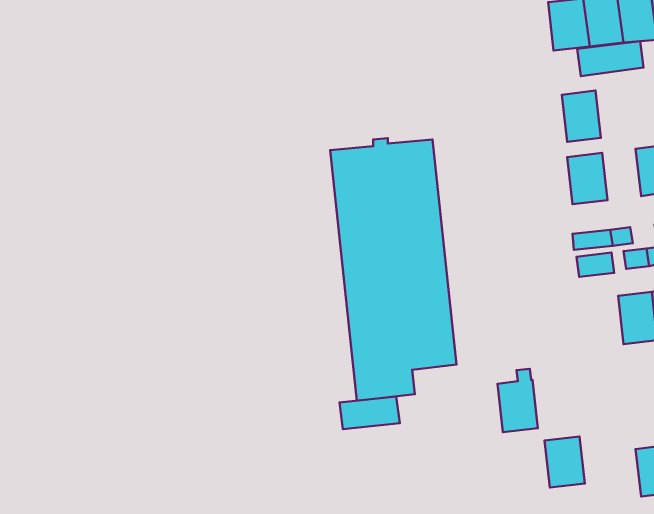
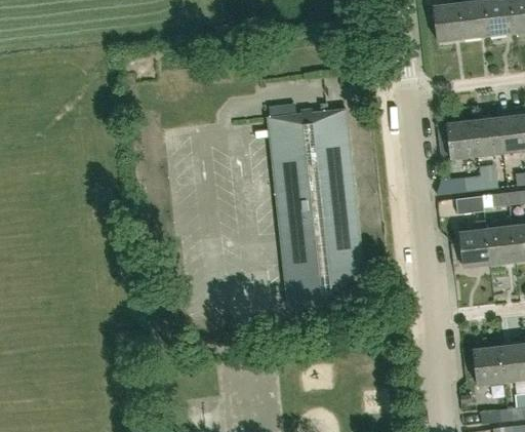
building: [577,41,644,76] -> none
building: [562,91,601,142] -> [475,116,504,155]
building: [498,369,538,432] -> [460,220,491,268]
building: [339,397,400,429] -> none
building: [544,436,585,488] -> [474,345,504,384]

